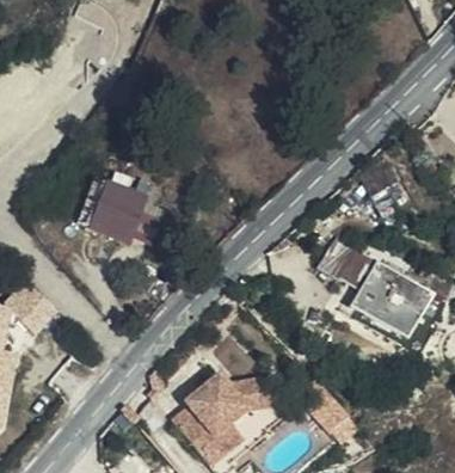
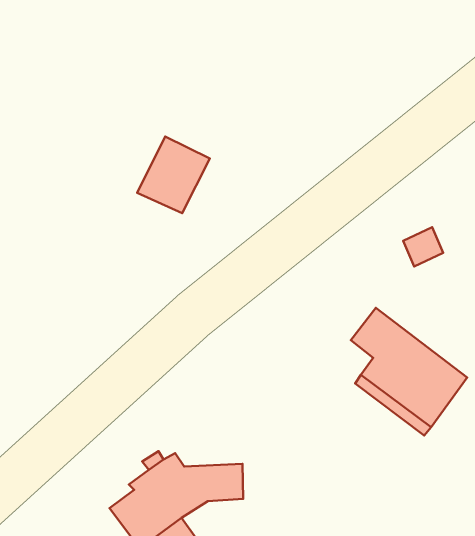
building: [93,178,147,237] -> [137,137,210,213]

